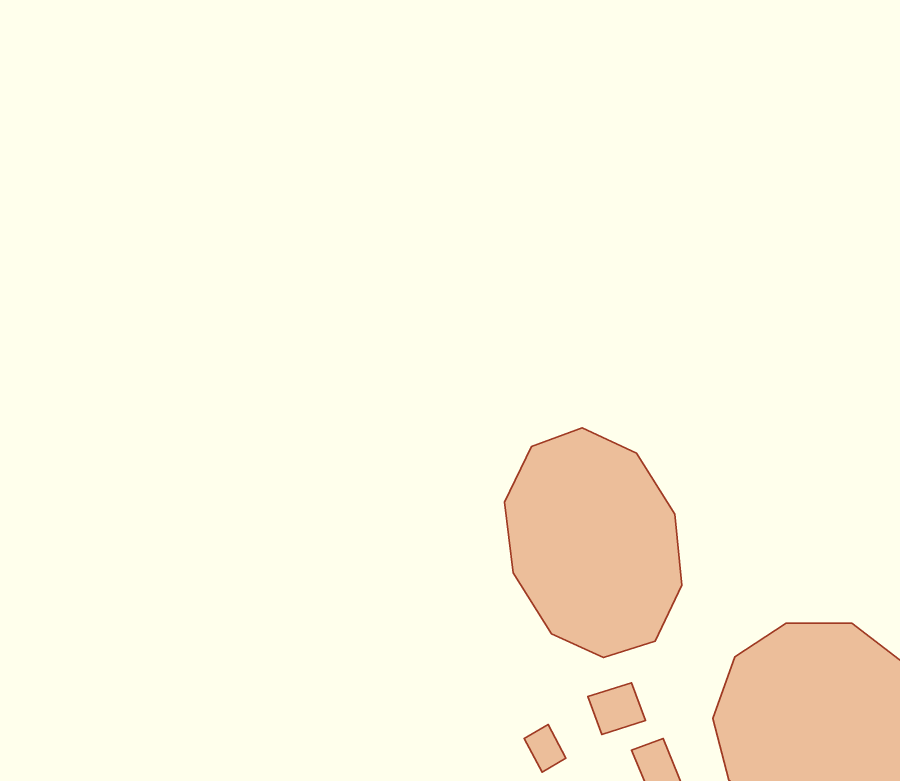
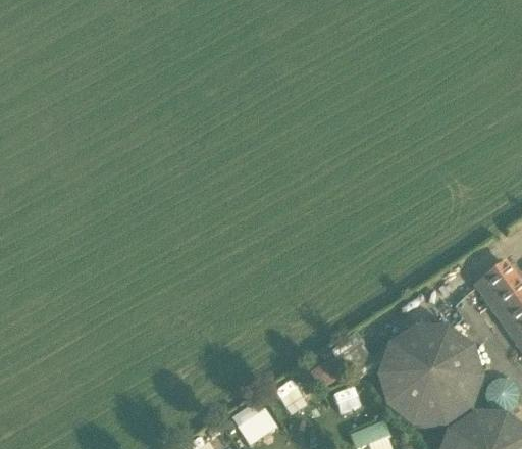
building: [505,428,682,657] -> none

